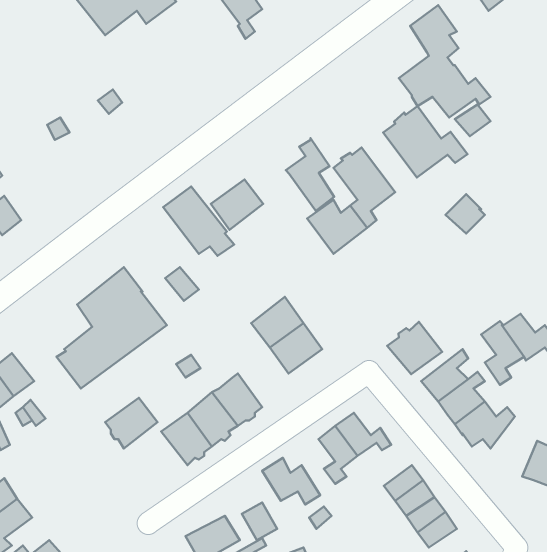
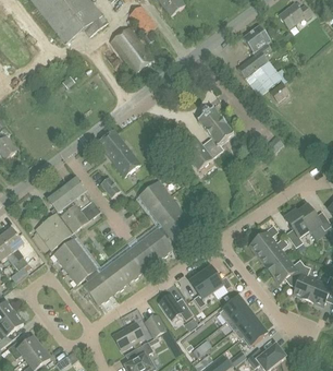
building: none -> [109,26,152,73]
building: [383,106,467,177] -> none
building: [286,138,334,212] -> none
building: [211,179,263,230] -> [138,180,169,210]
building: [387,322,442,374] -> none
building: none -> [141,228,171,259]
building: none -> [53,238,84,267]
building: none -> [288,264,316,299]
building: none -> [82,273,112,303]

